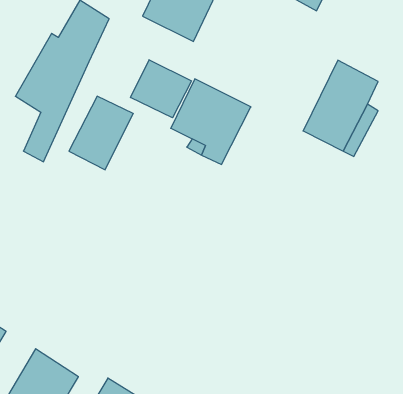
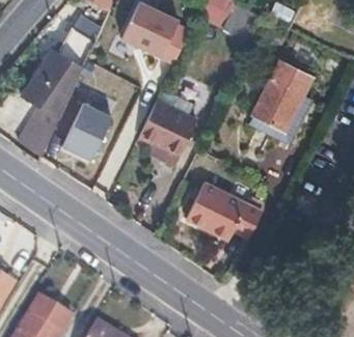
building: [131,60,191,118] -> none
building: none -> [187,179,263,240]

